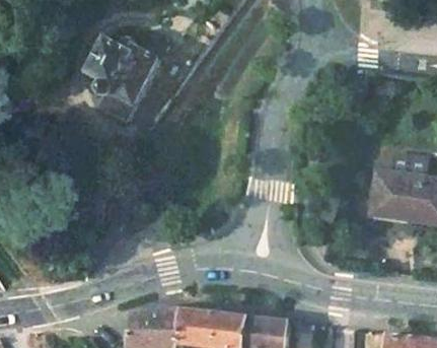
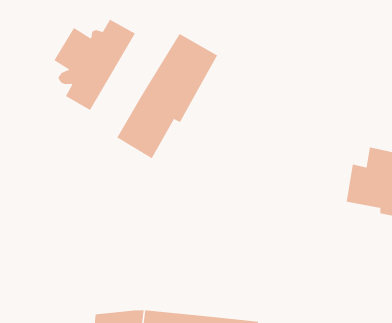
building: none -> [116,33,218,159]

